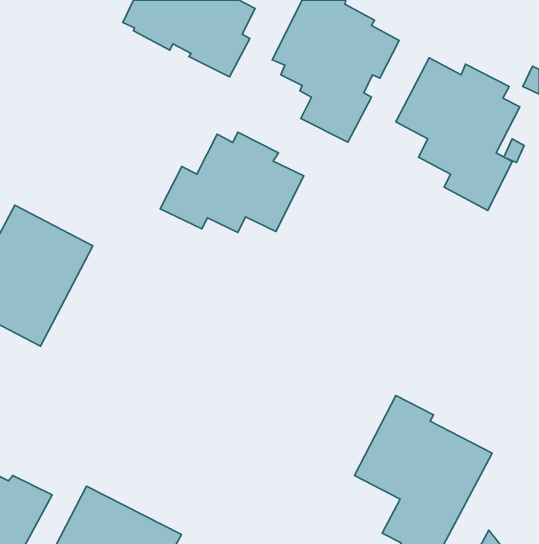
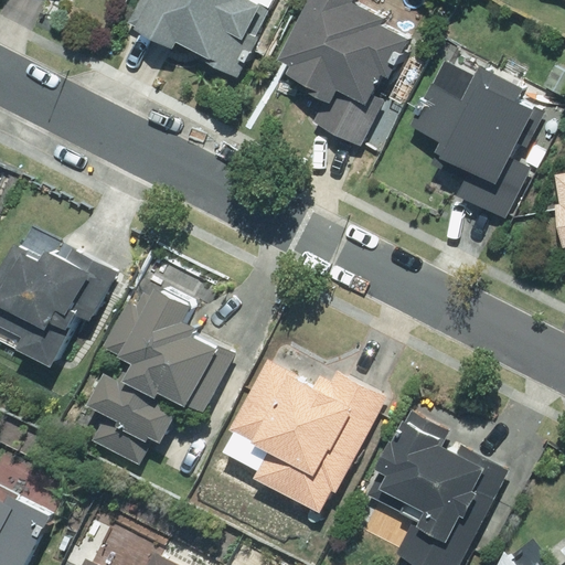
building: [160,132,304,233] -> none
building: none -> [89,285,233,465]
building: none -> [230,360,386,510]

